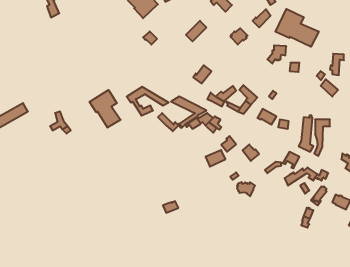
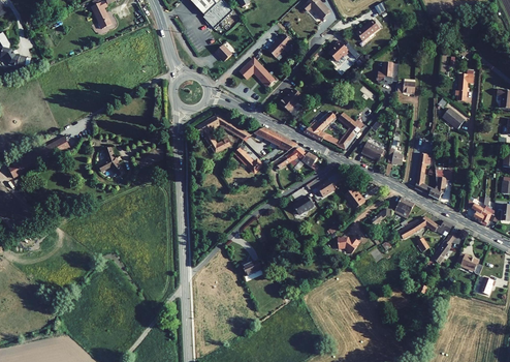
building: [275,9,319,47] -> none
building: none -> [242,60,277,88]
building: [90,90,121,128] -> none

